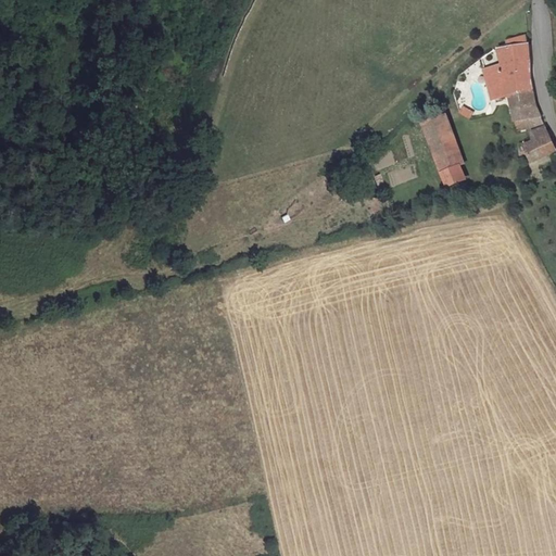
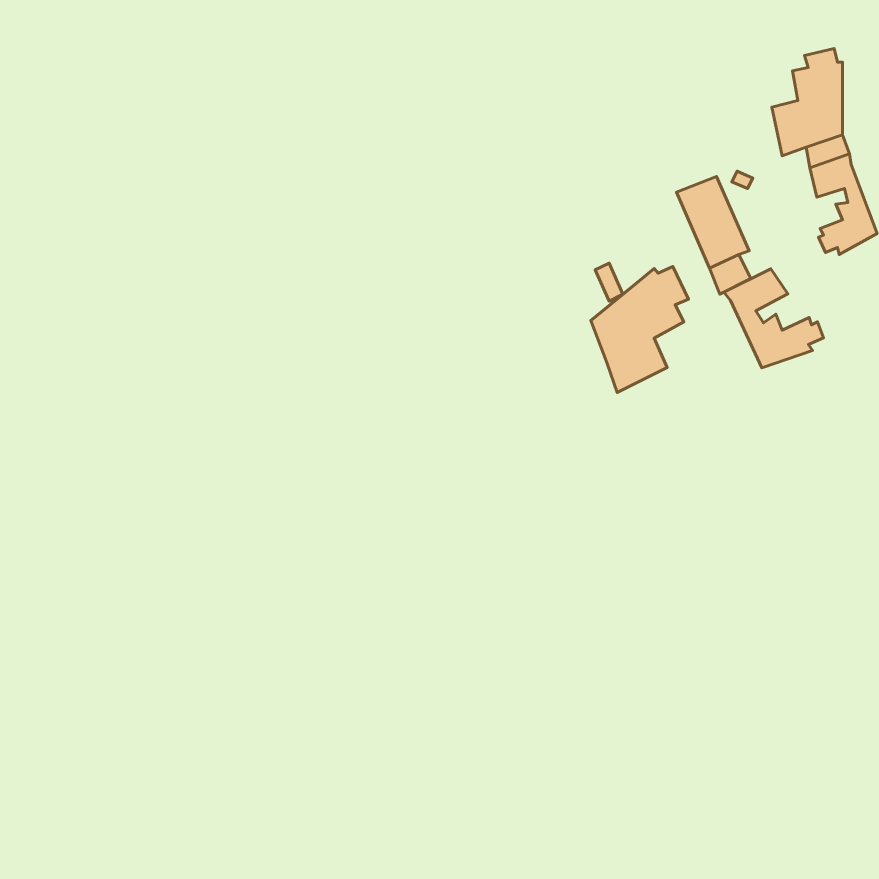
building: none -> [591,267,688,393]
building: none -> [724,269,824,368]

